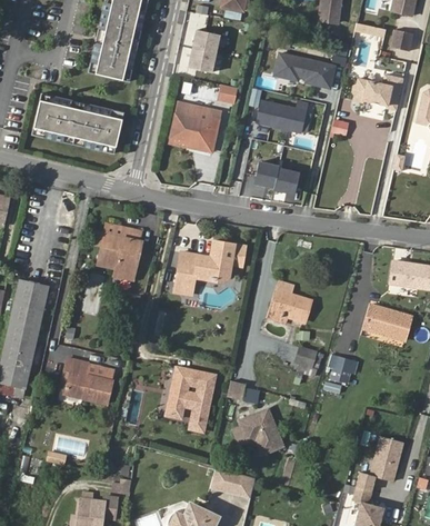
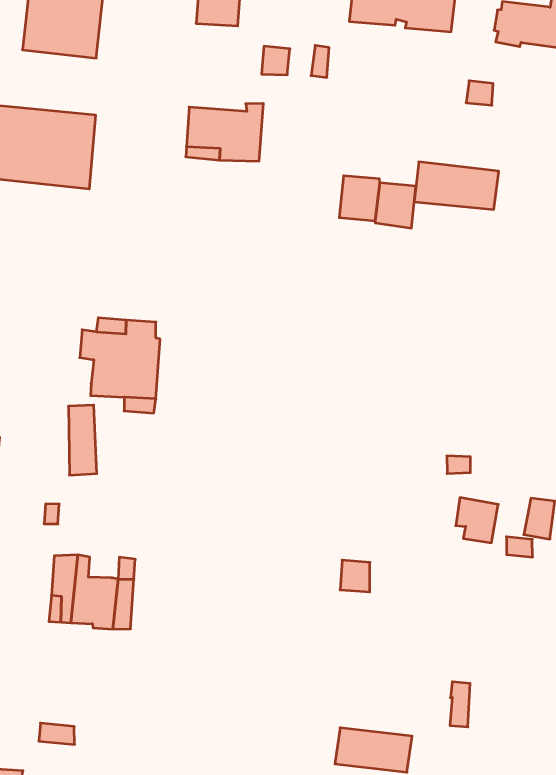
building: [257,98,307,130] -> [414,162,499,209]
building: [172,242,246,298] -> none
building: [270,284,313,326] -> none
building: [170,370,216,434] -> none
building: [239,413,283,457] -> none

